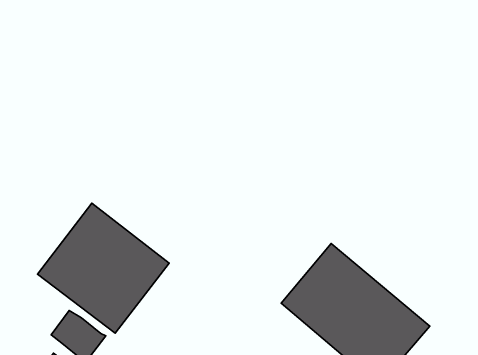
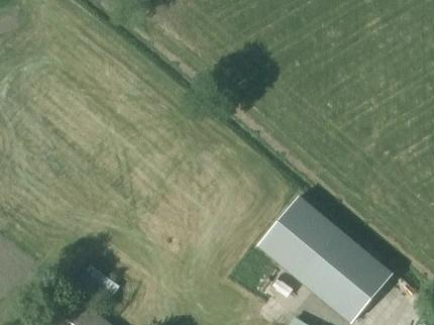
building: [38,203,169,333] -> none

